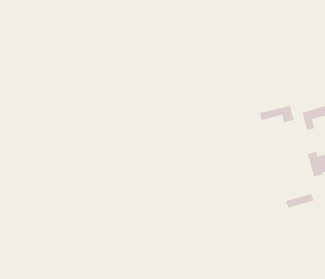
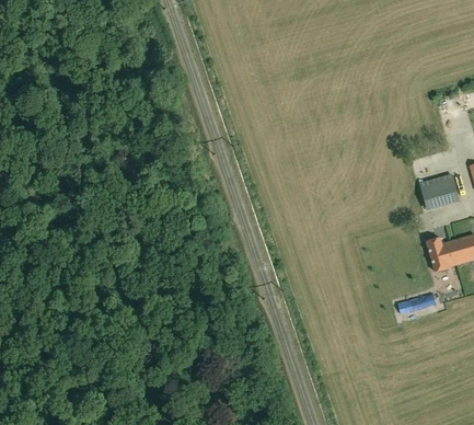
building: [259,105,294,129] -> none

